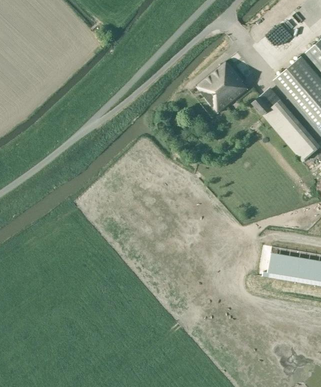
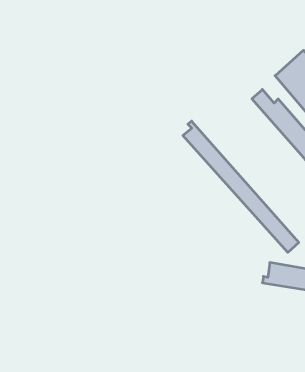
building: [194,60,246,112] -> none
building: none -> [183,121,299,252]

